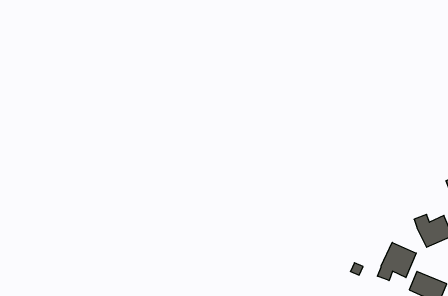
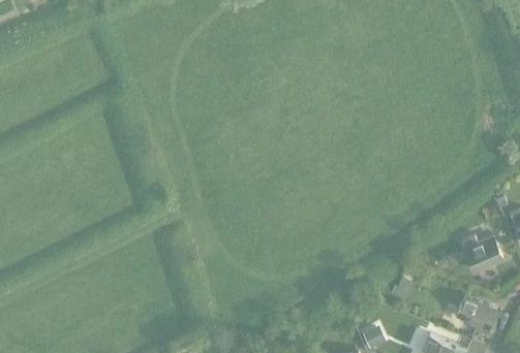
building: [377,242,416,281] -> none

